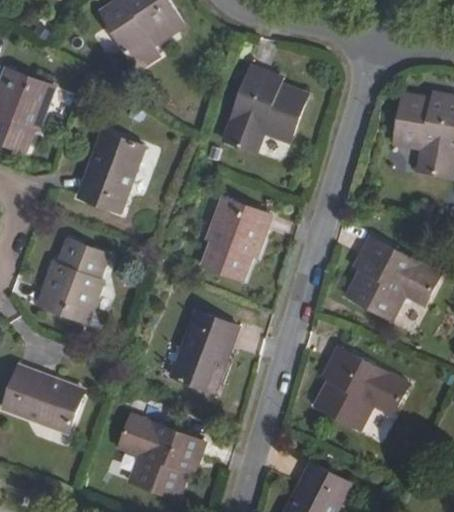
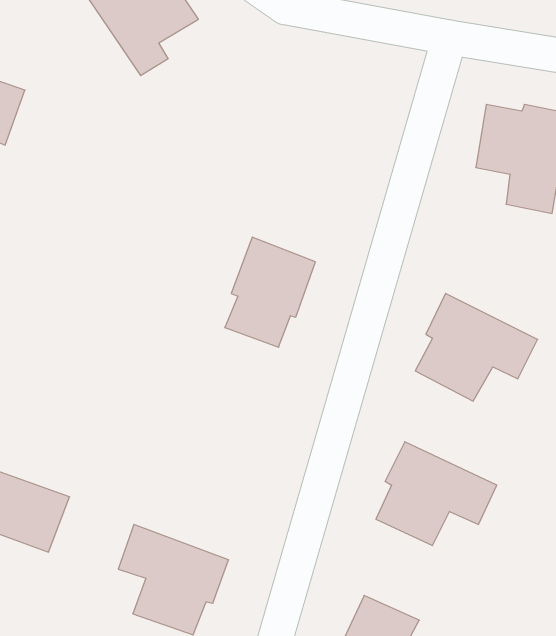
building: [230,63,310,139] -> none
building: [80,131,145,212] -> none
building: [38,238,107,322] -> none
building: [172,311,237,391] -> none

